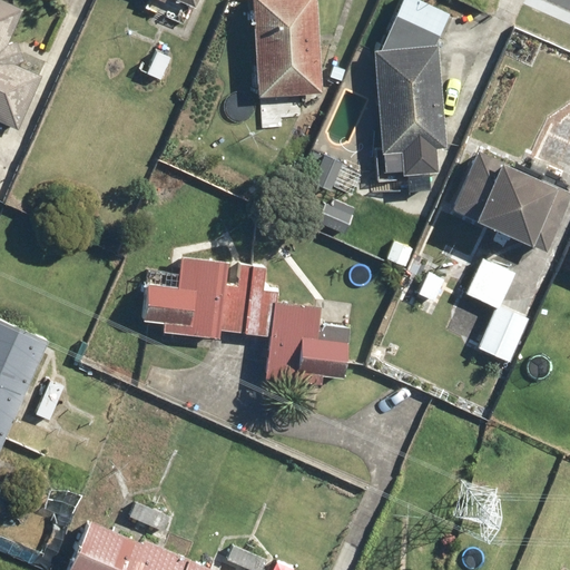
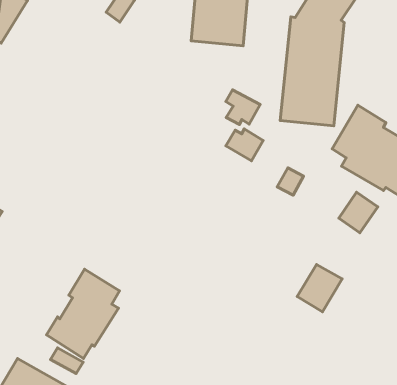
building: [139,255,348,384] -> none
building: [479,304,532,362] -> [297,265,342,312]
building: none -> [46,269,119,359]

